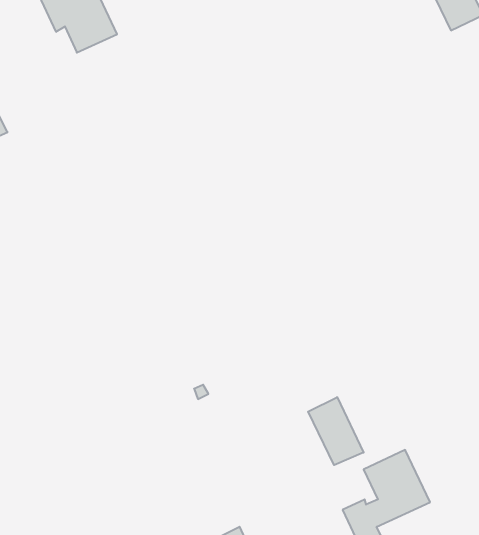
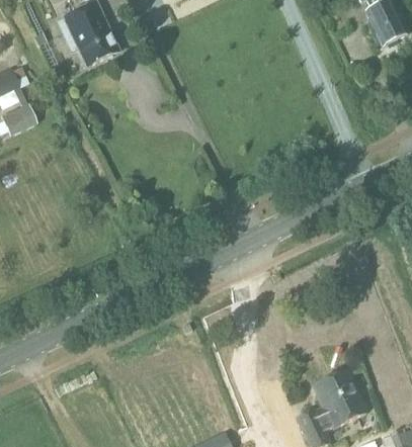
building: [308,397,364,465] -> none

